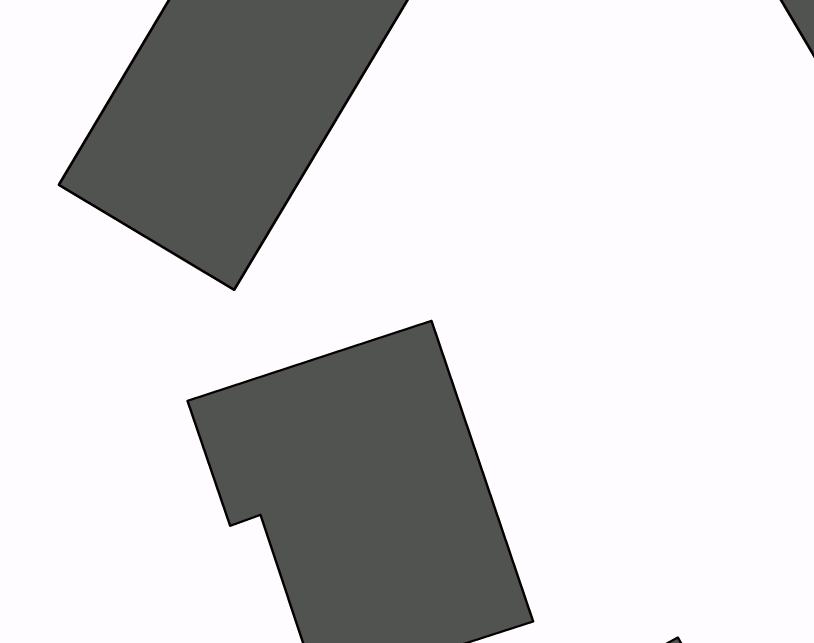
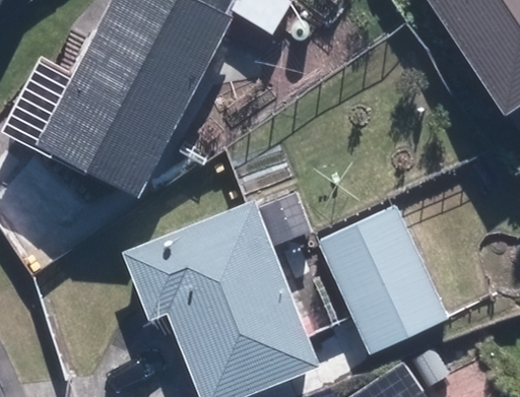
building: none -> [317,209,444,352]

